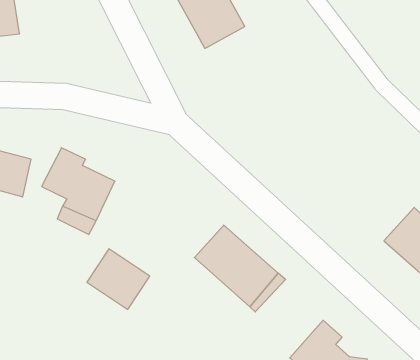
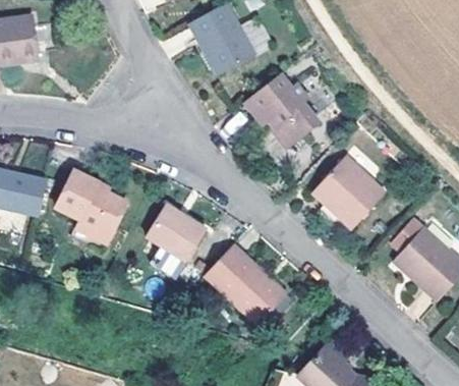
building: none -> [242,72,318,149]
building: none -> [308,156,383,229]
building: [87,249,150,309] -> [148,202,209,261]

